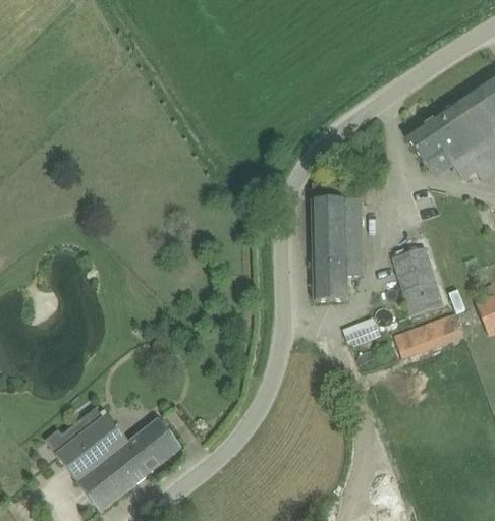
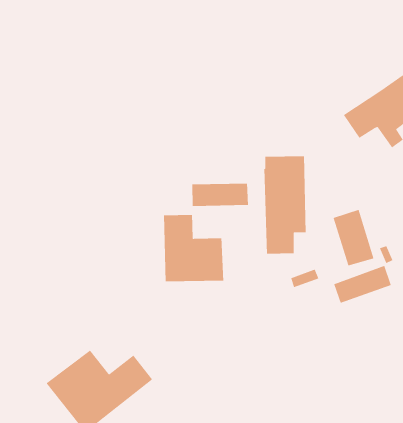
building: none -> [192,183,249,207]
building: none -> [163,214,224,282]

